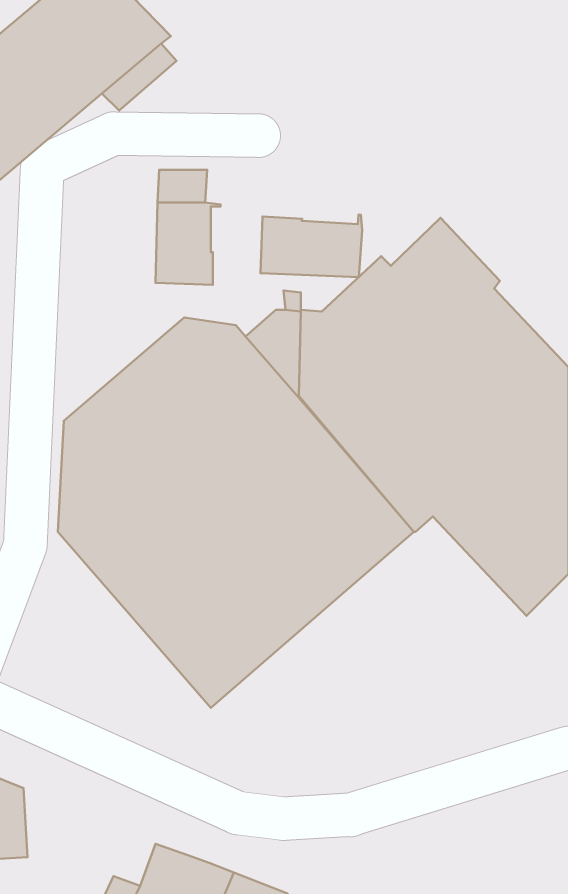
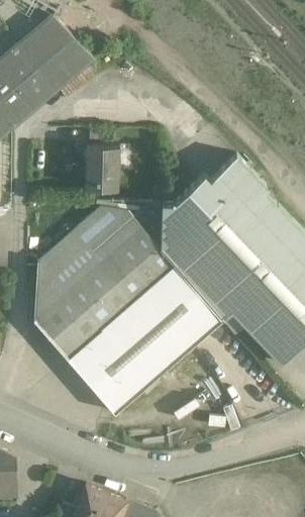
building: [261,215,362,277] -> none

